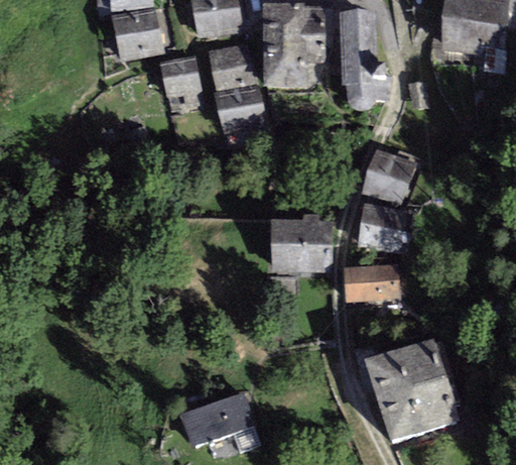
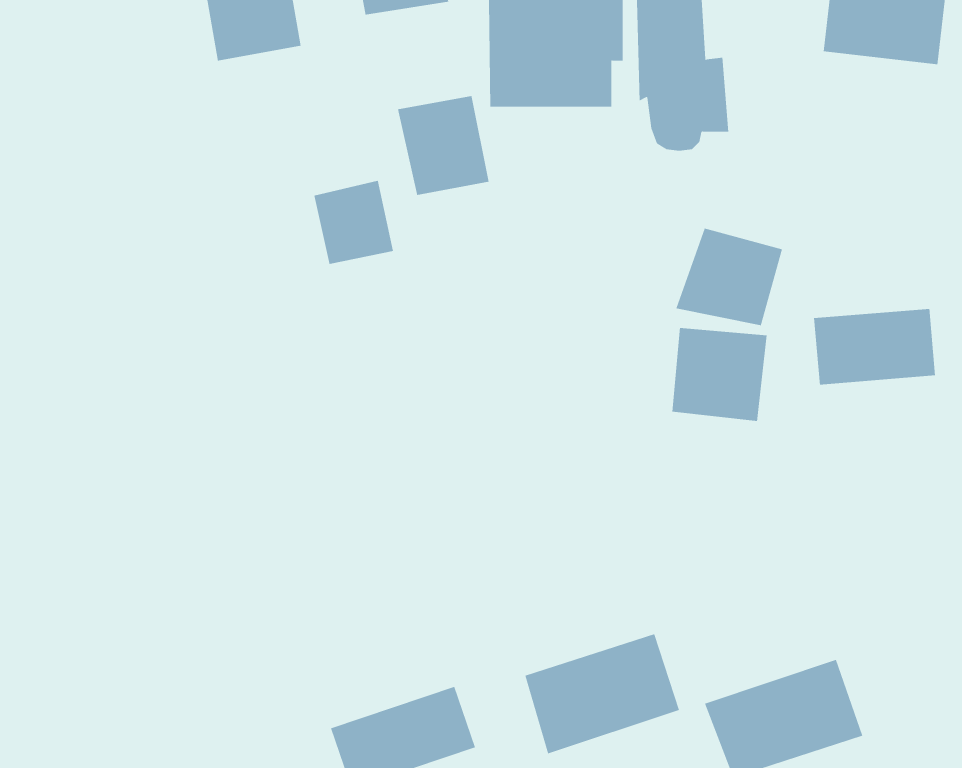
building: [209,43,254,88] -> none
building: [160,54,203,99] -> [313,180,394,265]
building: [272,220,332,272] -> none
building: [343,263,407,304] -> [813,308,936,385]
building: [364,337,445,400] -> [525,633,680,754]

